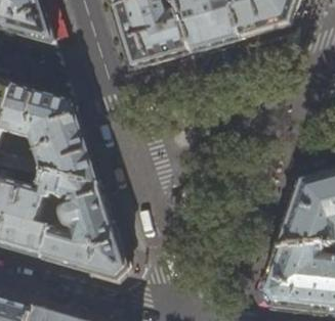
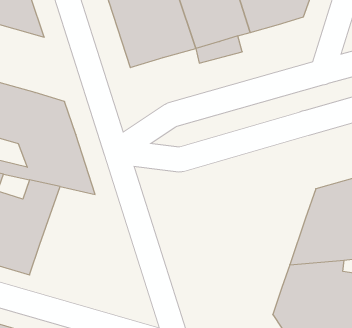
building: [41,177,127,278] -> none

